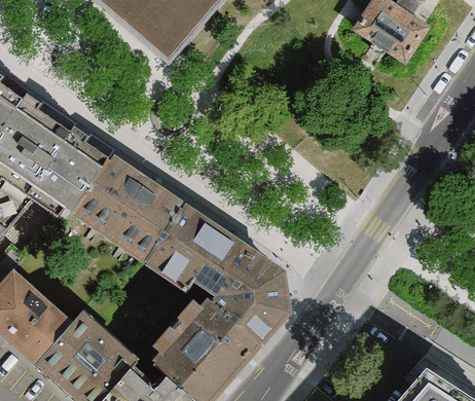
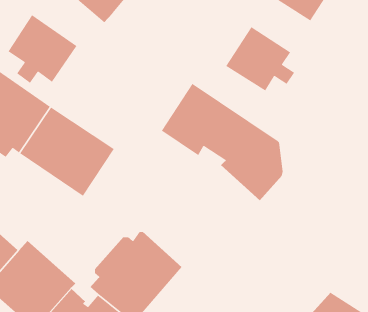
building: none -> [7,14,78,84]
building: none -> [225,26,295,91]
building: [145,206,285,340] -> [161,83,283,201]

